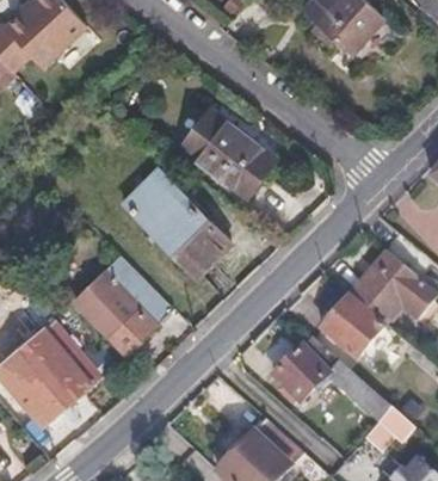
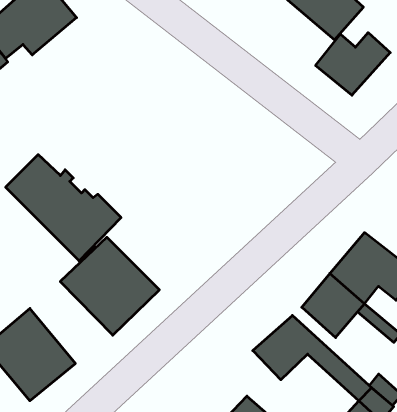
building: none -> [316,33,390,95]
building: [178,104,276,196] -> none
building: [121,167,239,276] -> [6,155,121,261]

